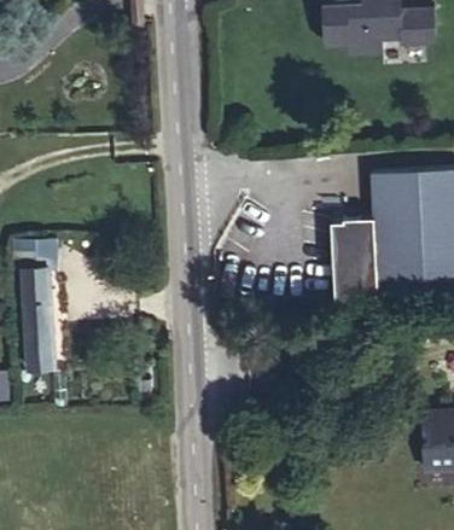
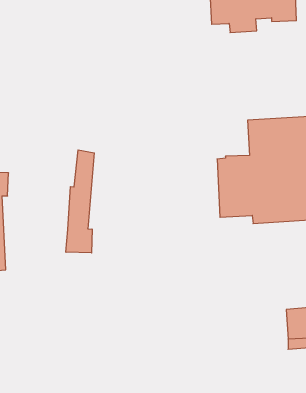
building: none -> [66,150,94,253]

